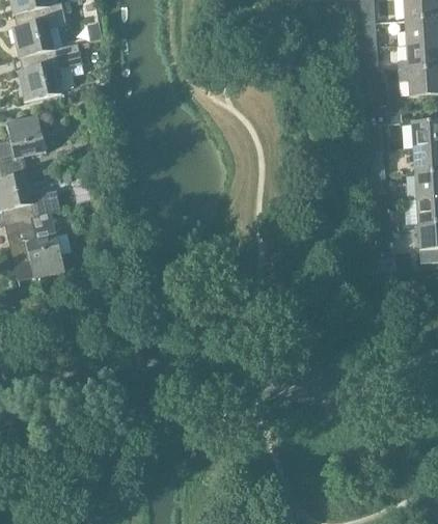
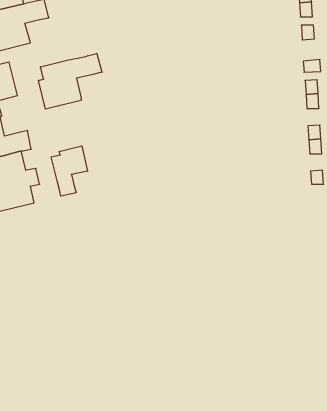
building: none -> [39,53,102,109]
building: none -> [51,146,88,196]

